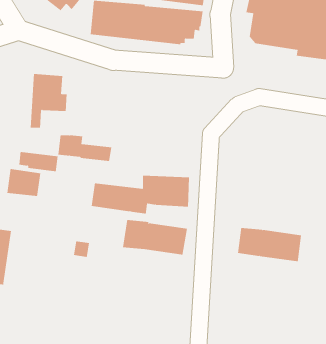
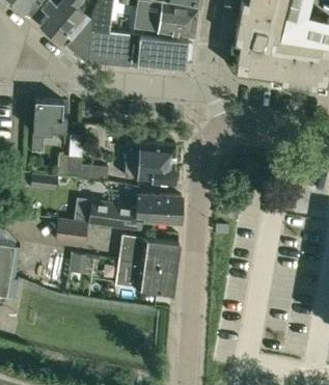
building: none -> [125,143,175,182]
building: [7,169,41,196] -> [56,220,88,246]
building: [237,227,302,262] -> [114,262,174,294]

